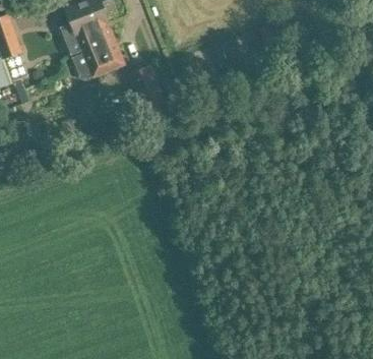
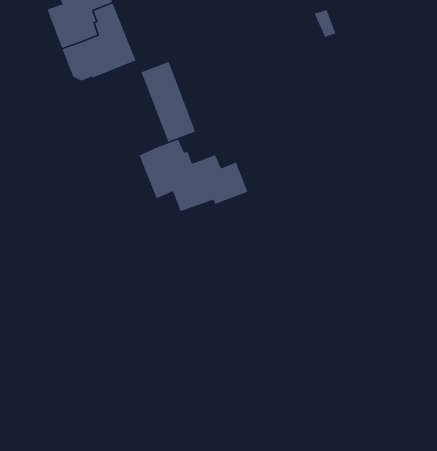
building: none -> [138,139,248,212]

